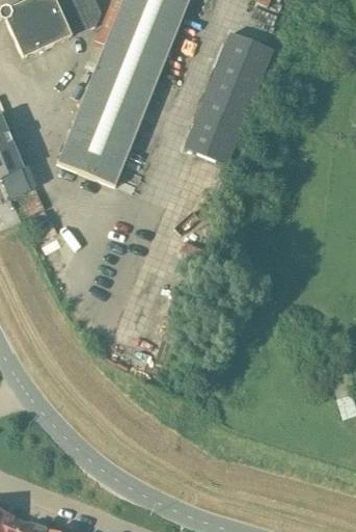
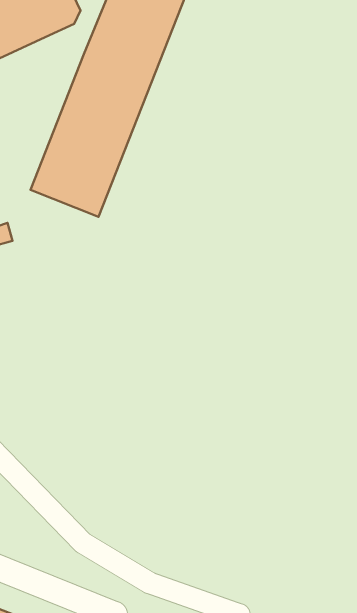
building: [184,33,273,166] -> none

